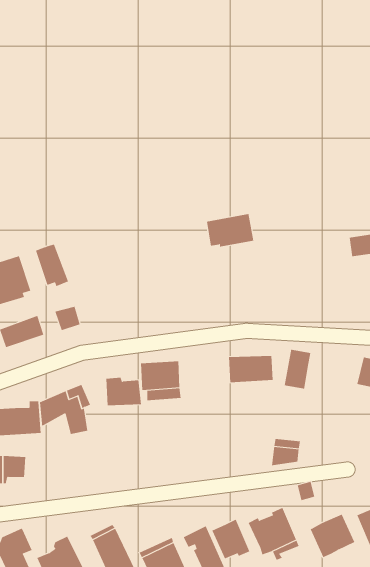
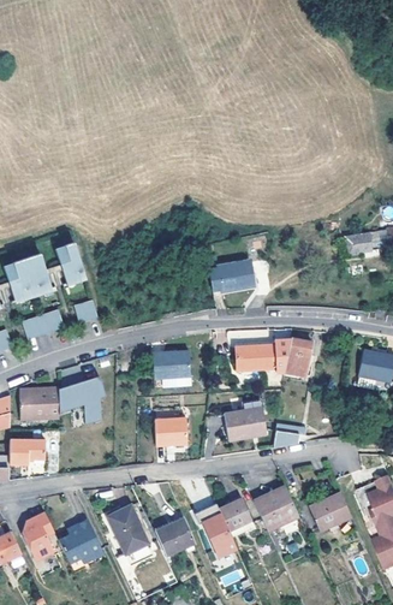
building: [206,214,254,247] -> [209,262,254,293]
building: [106,377,142,406] -> [153,419,186,445]
building: none -> [221,407,266,441]

